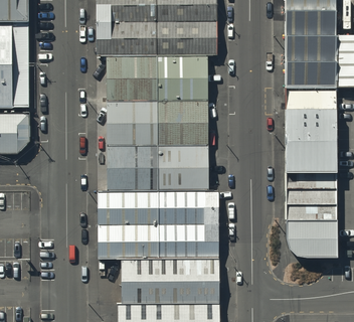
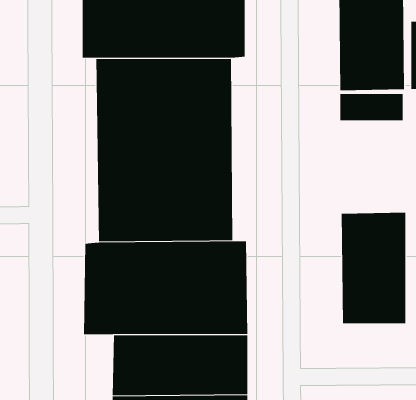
building: [288,105,334,168] -> none

